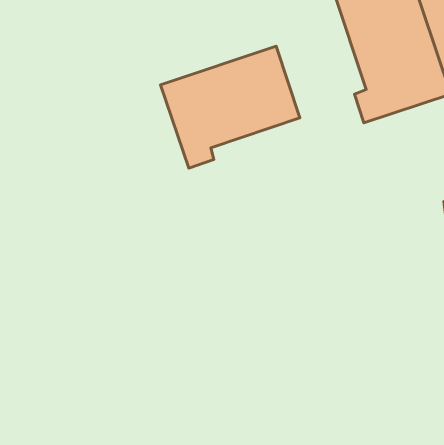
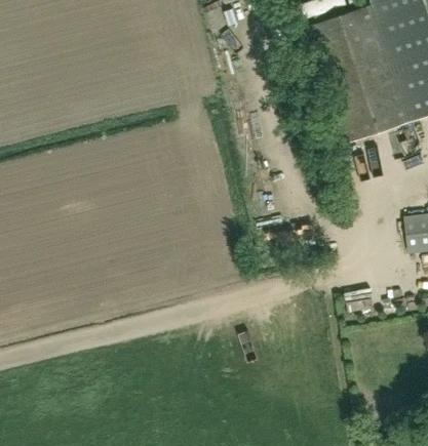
building: [161,46,300,168] -> none

